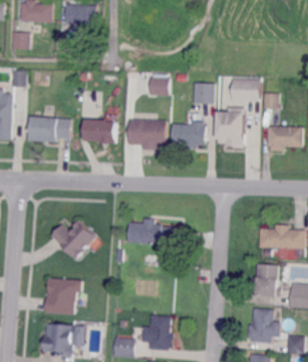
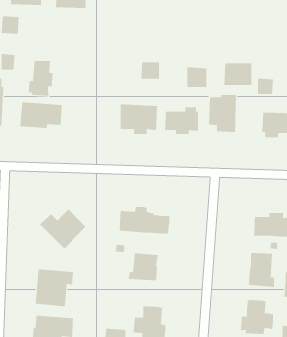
building: none -> [28,60,53,97]
building: [88,119,119,143] -> none
building: none -> [128,252,158,281]

